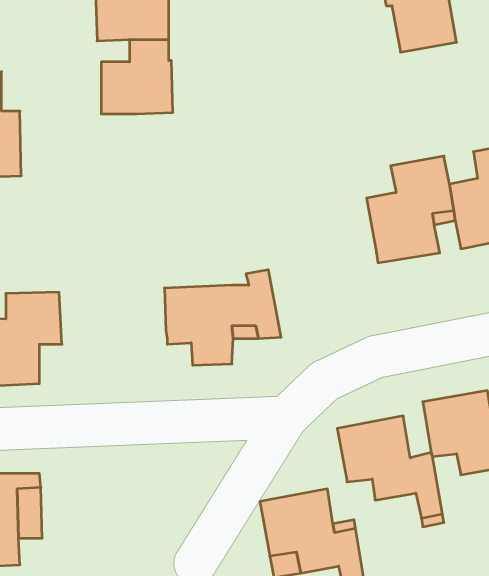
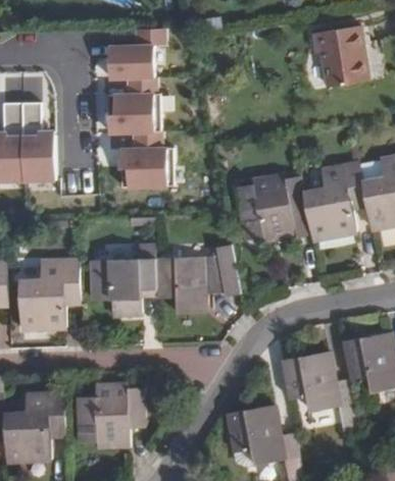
building: none -> [122,130,176,185]
building: none -> [234,173,310,242]
building: none -> [89,246,157,316]
building: none -> [76,383,146,446]

